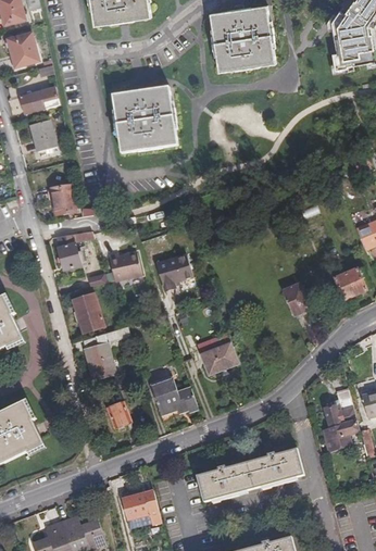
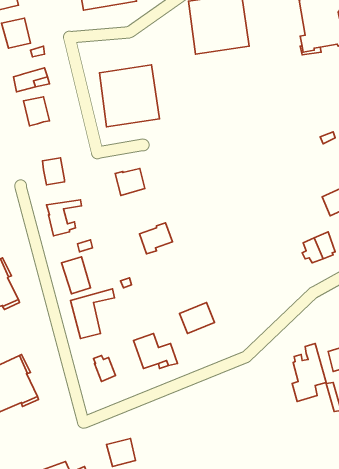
building: [109,251,141,280] -> [115,168,145,195]
building: [283,284,310,314] -> none
building: [199,448,305,500] -> none

